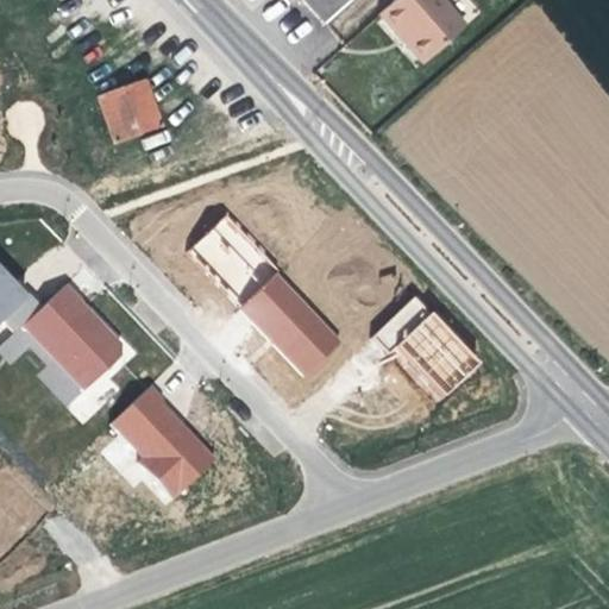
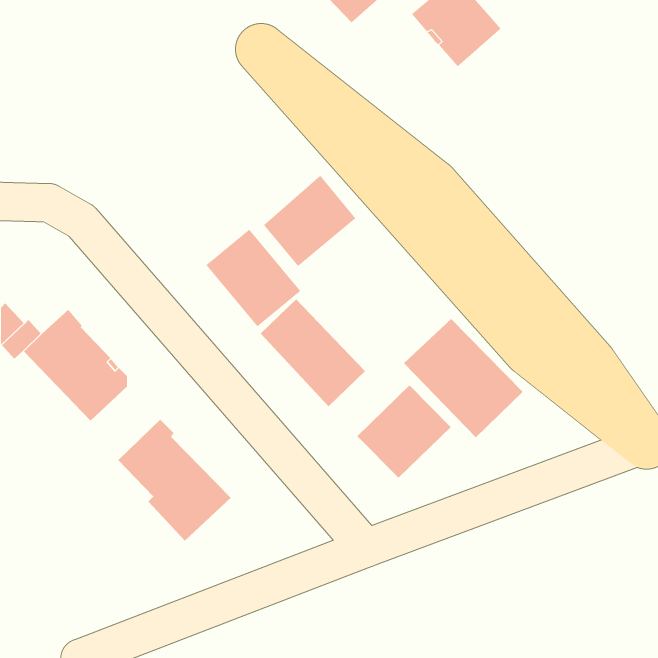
building: [99,79,162,142] -> none
building: none -> [263,175,356,267]
building: none -> [357,385,451,479]

